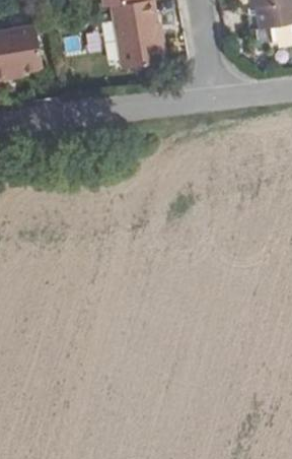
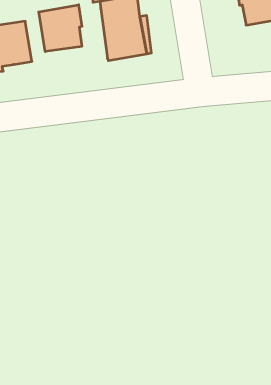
building: none -> [39,5,82,52]

